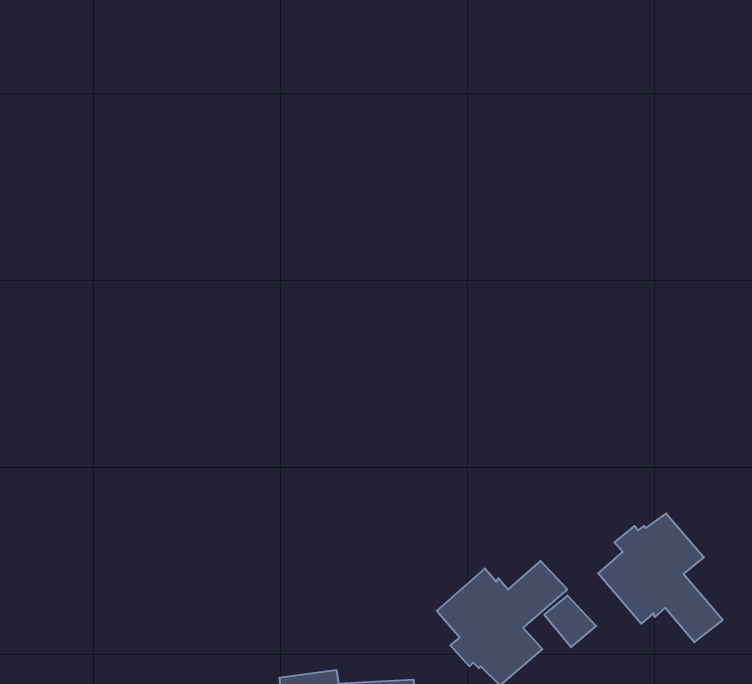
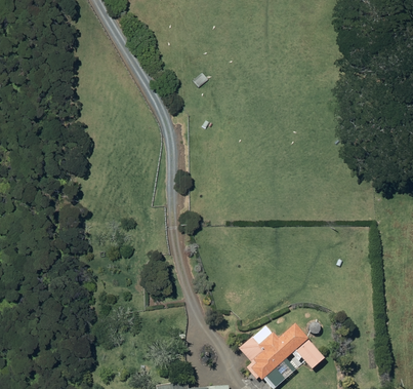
building: [598,513,723,642] -> none

